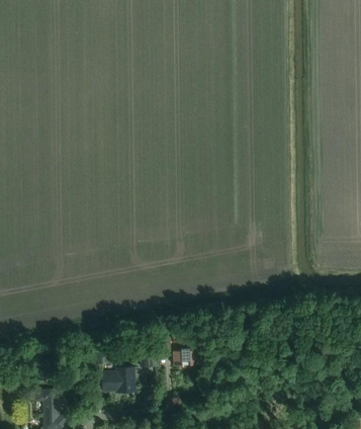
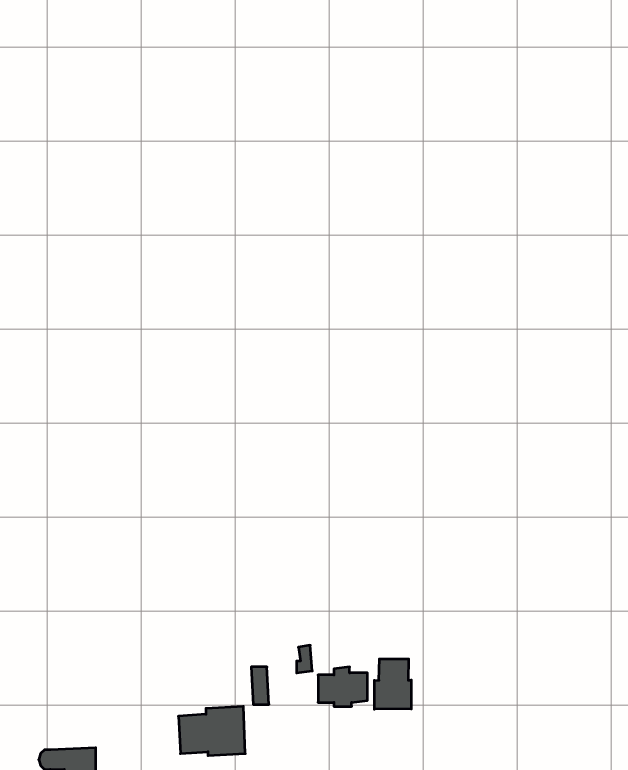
building: none -> [374,659,411,709]

